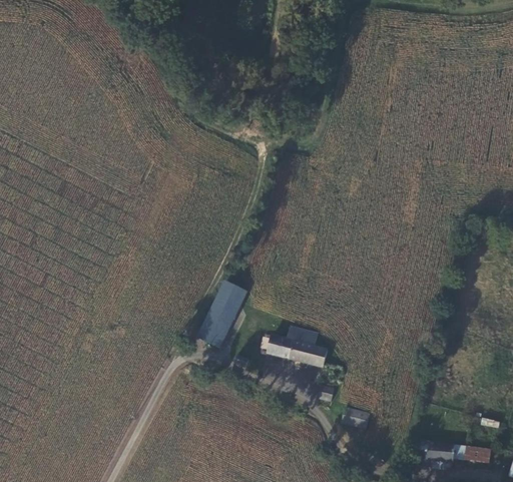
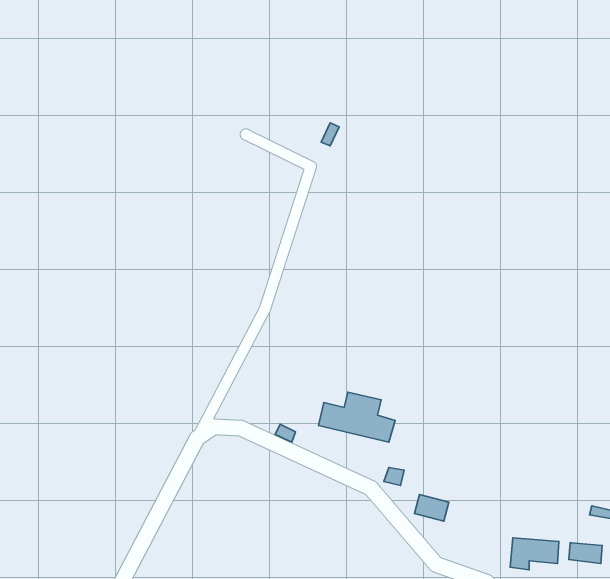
building: [198,284,241,347] -> none

